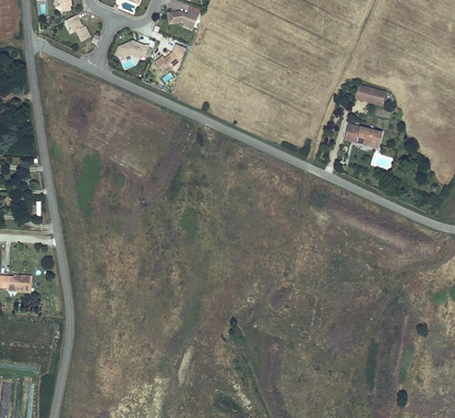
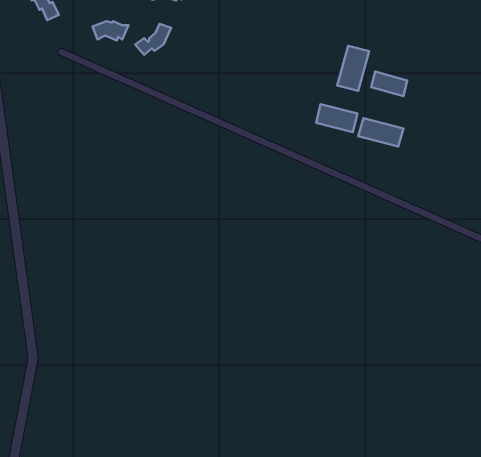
building: none -> [337,46,369,91]
building: none -> [316,104,357,132]

